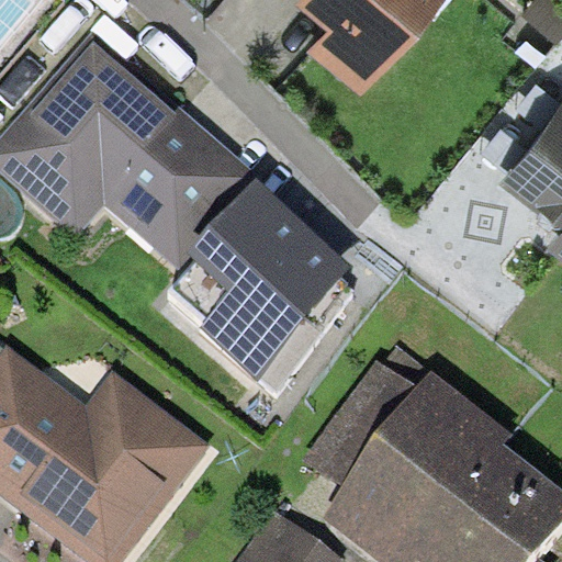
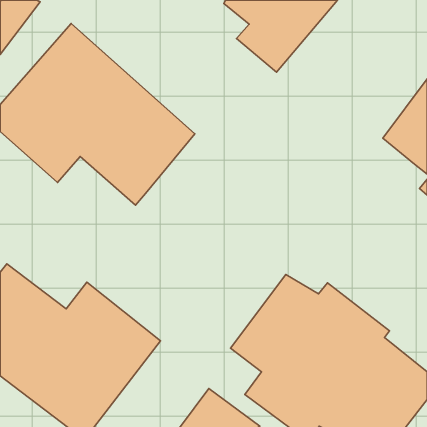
building: [168,177,352,381] -> none

